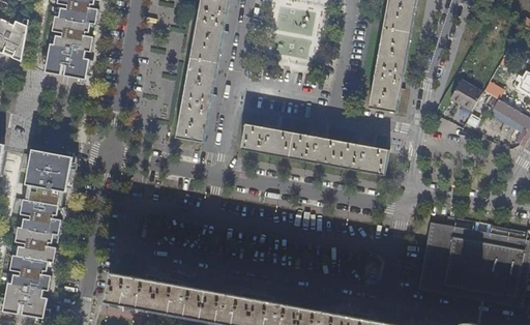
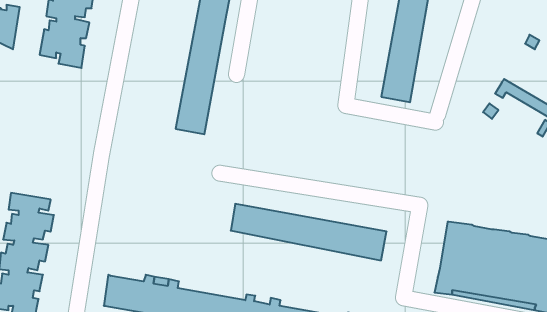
building: [451,81,480,108] -> none
building: [241,125,387,178] -> [231,204,387,260]
building: [24,152,71,190] -> none

